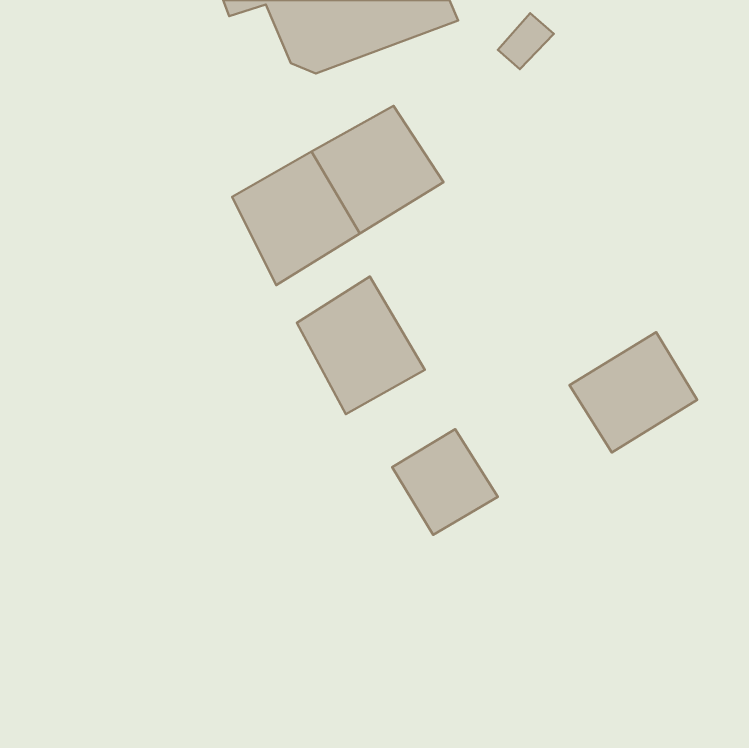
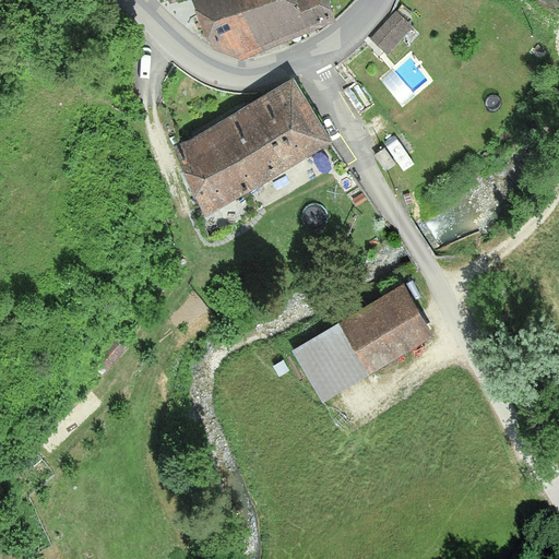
building: [297,276,425,414] -> none
building: [569,332,697,453] -> [338,282,433,371]

